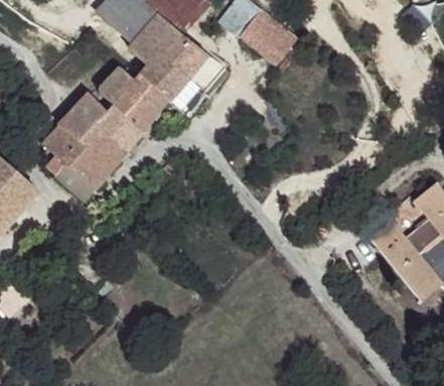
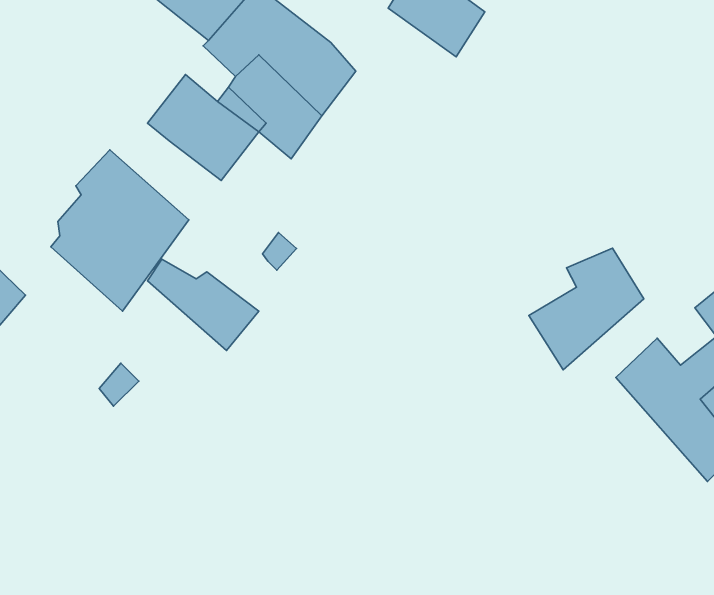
building: [82,98,144,149] -> [148,259,259,351]
building: none -> [529,248,644,370]

